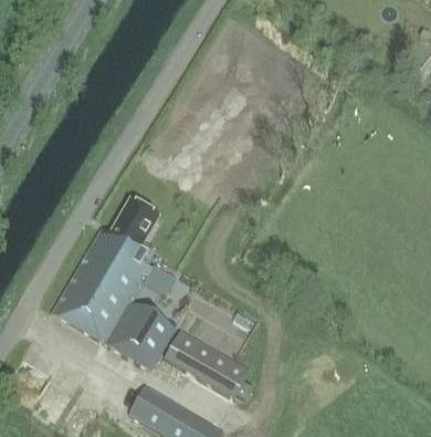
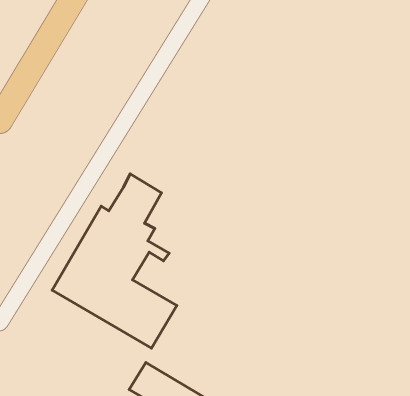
building: [164,331,249,398] -> none

